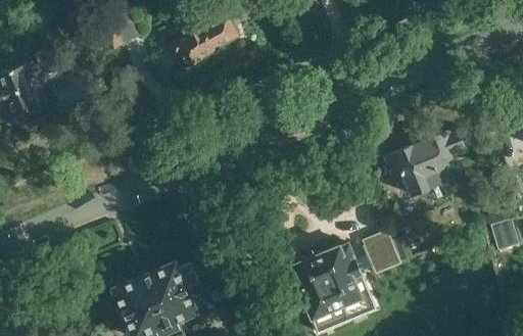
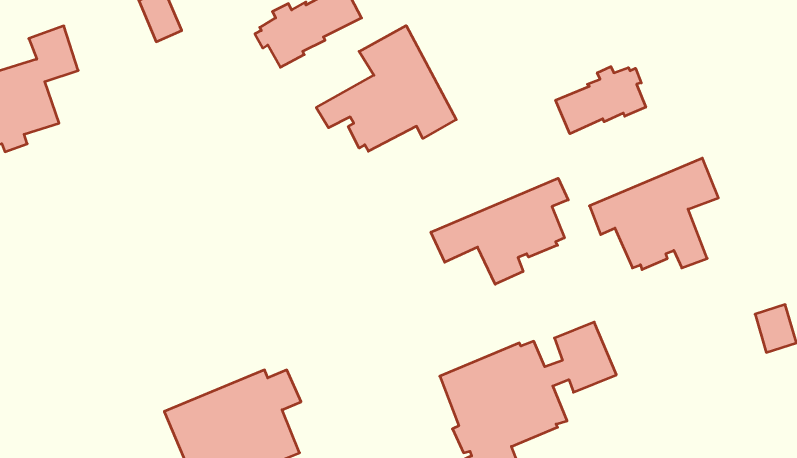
building: none -> [316,26,456,151]
building: none -> [556,67,646,134]
building: none -> [431,178,568,284]

